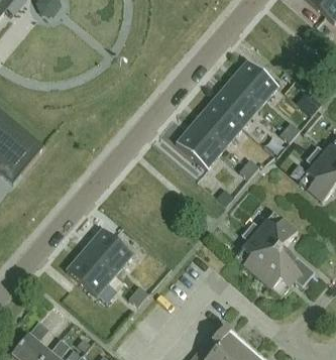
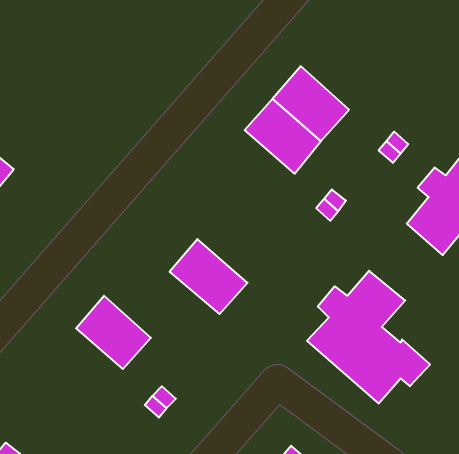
building: [230,58,279,107] -> none
building: [176,120,226,168] -> [170,239,248,314]
building: [67,248,115,295] -> none

